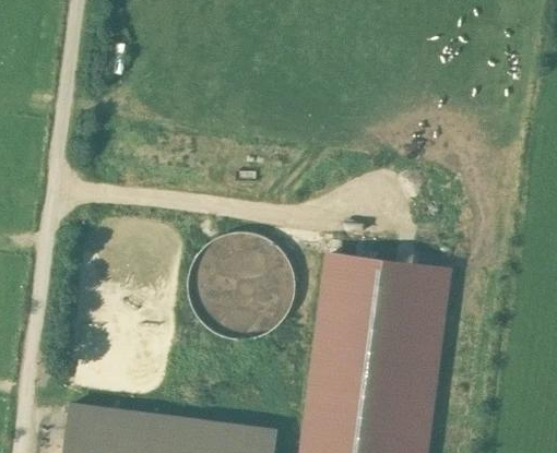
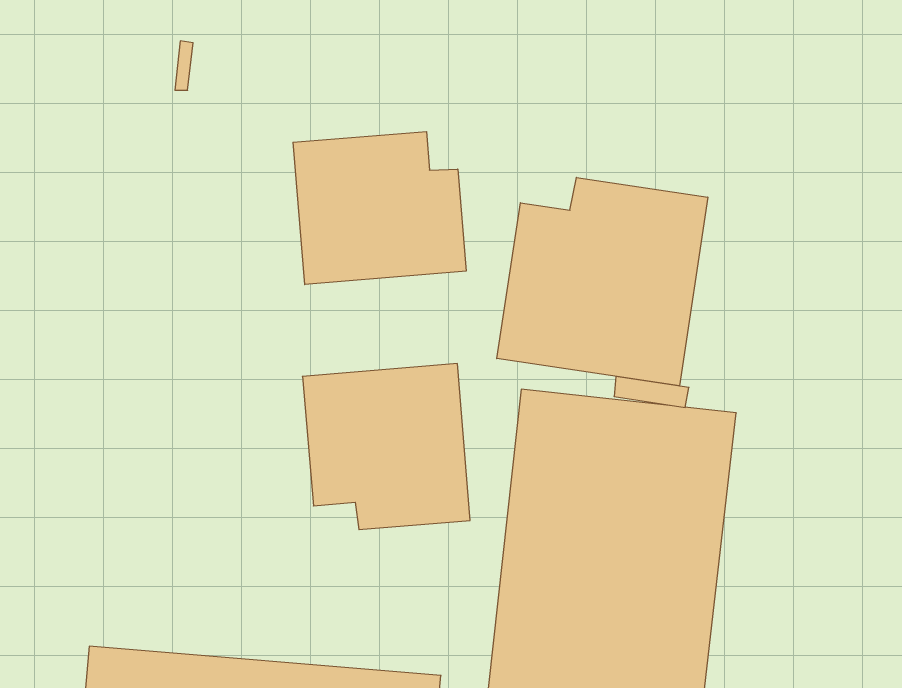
building: none -> [293,132,466,285]
building: none -> [497,177,708,386]

